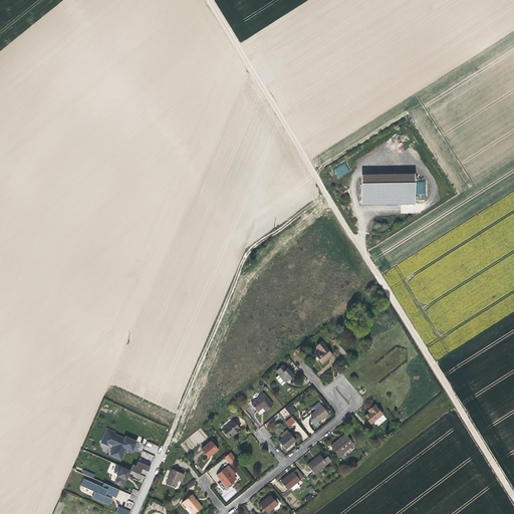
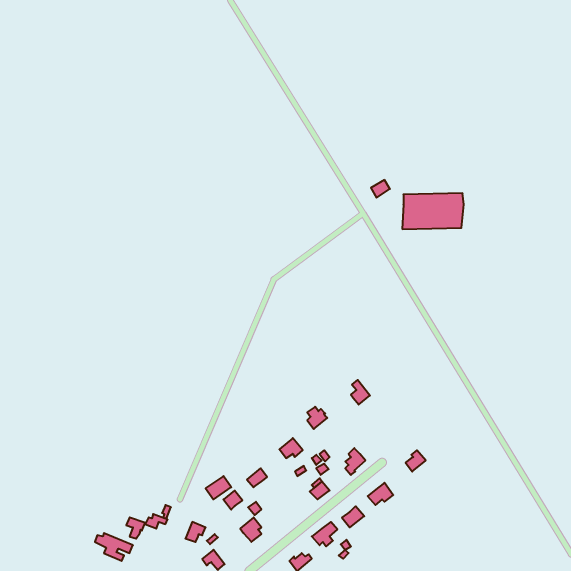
building: [100,429,137,460] -> none

